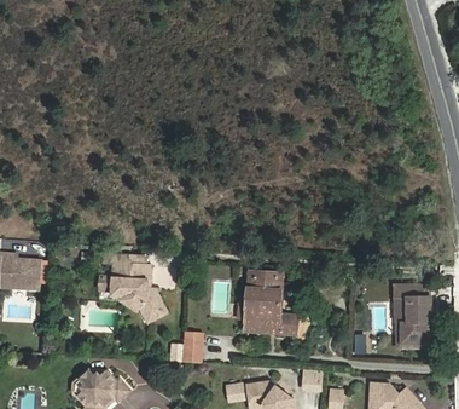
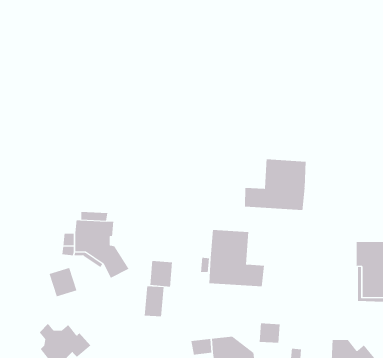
building: none -> [245,158,306,211]
building: none -> [150,260,173,288]
building: none -> [49,267,77,297]

